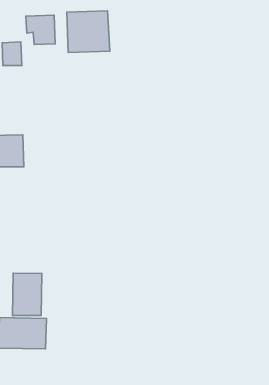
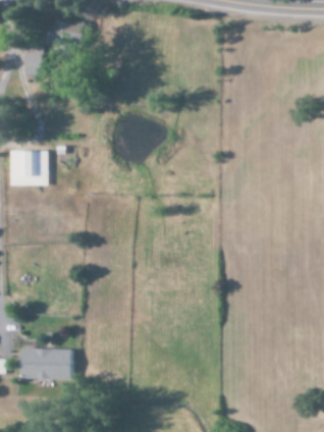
building: [67,11,110,53] -> none
building: [12,273,42,316] -> none

